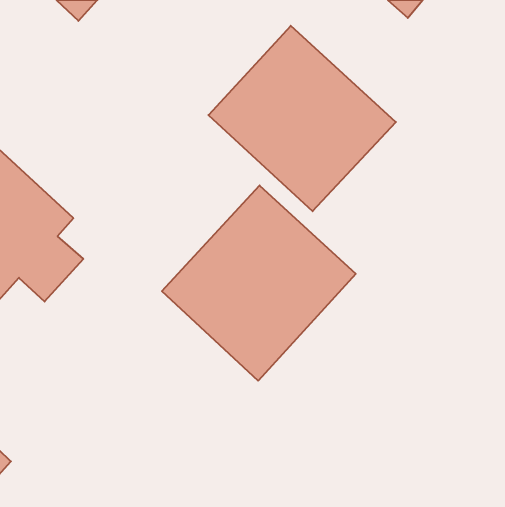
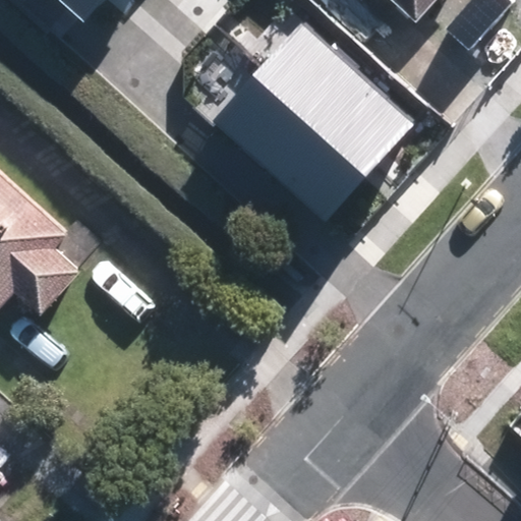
building: [162,185,356,381] -> none

